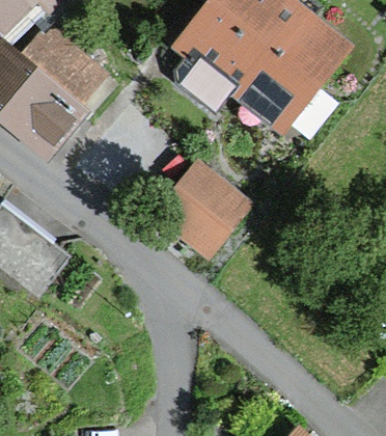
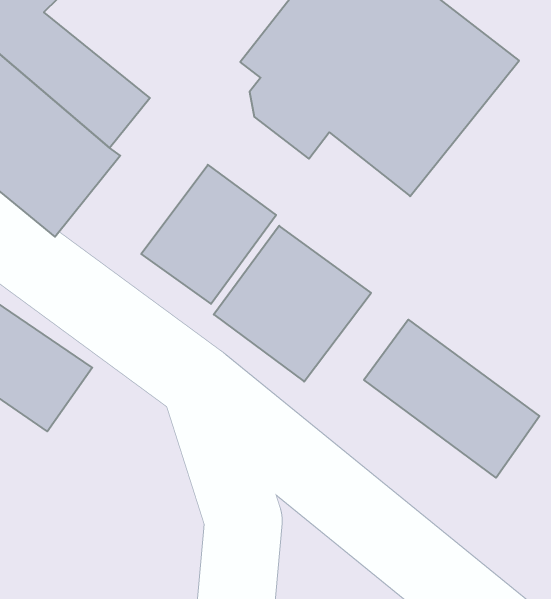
building: none -> [141,165,276,304]
building: none -> [364,320,539,478]

